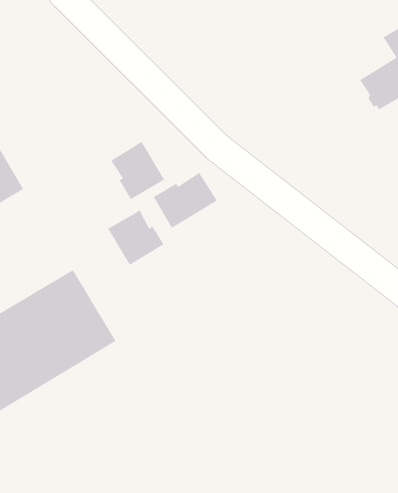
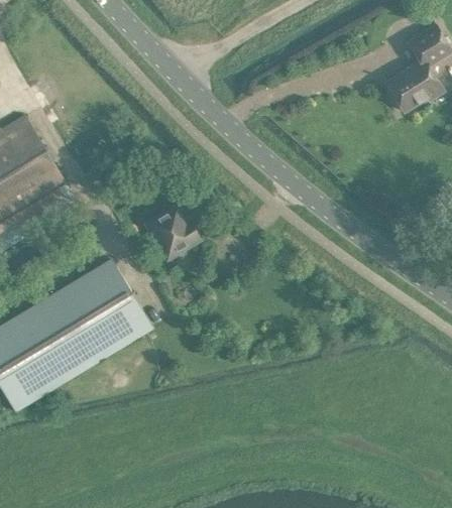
building: [110,141,165,200] -> none
building: [153,172,218,229] -> none

